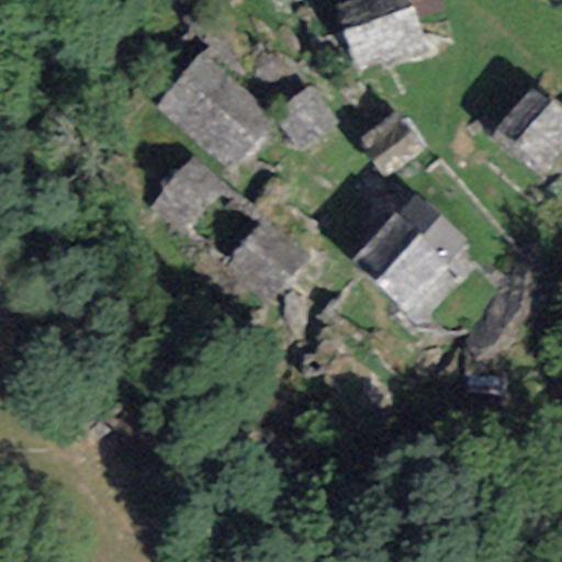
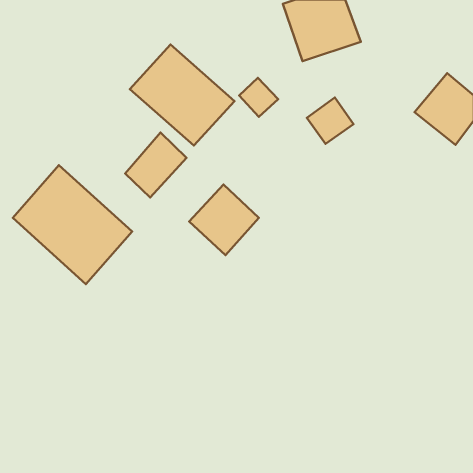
building: [350,193,468,311] -> none
building: none -> [13,165,132,284]

